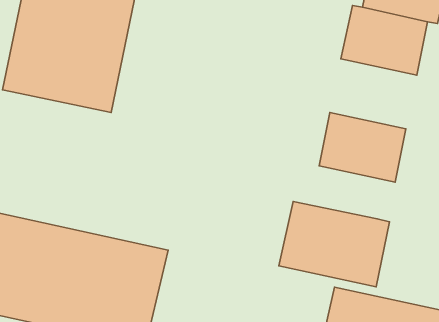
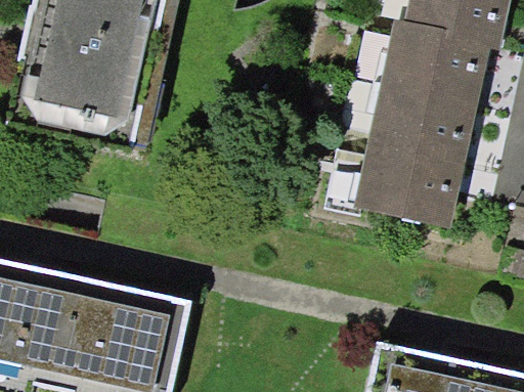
building: none -> [376,85,474,164]
building: [279,201,390,287] -> none

